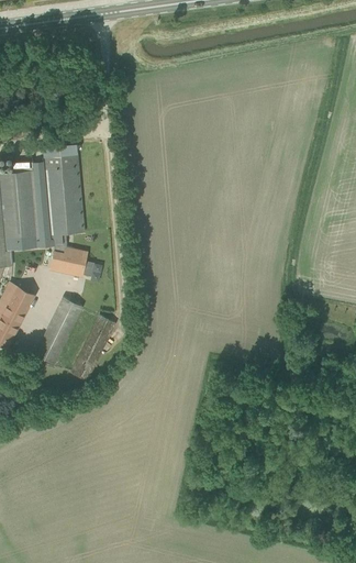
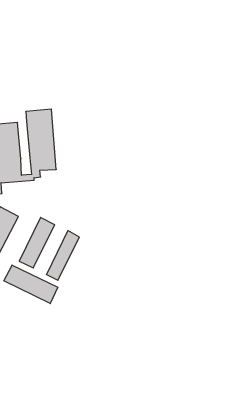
building: [49,247,86,276] -> none
building: none -> [4,265,58,304]

